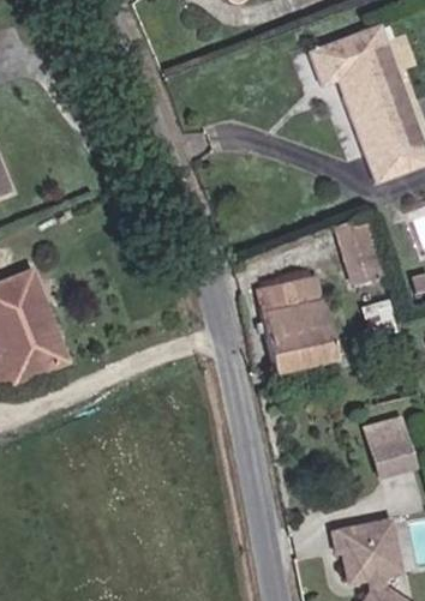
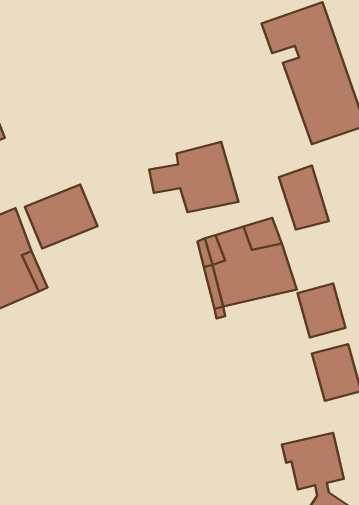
building: none -> [149,142,239,212]
building: none -> [25,184,98,248]
building: none -> [297,283,345,337]

